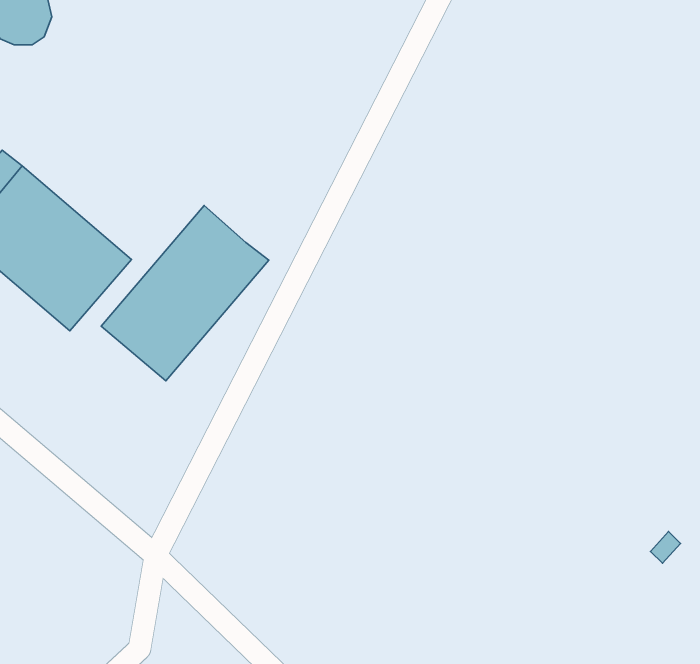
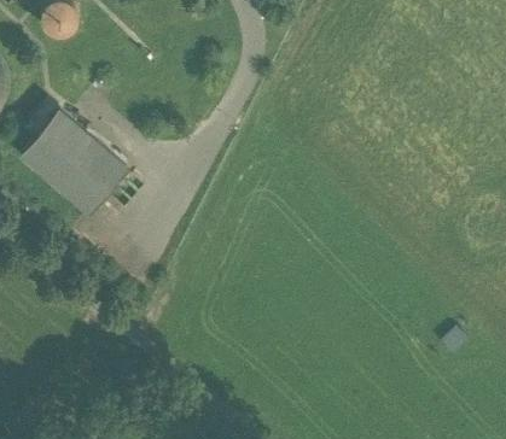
building: [101,206,269,381] -> none

